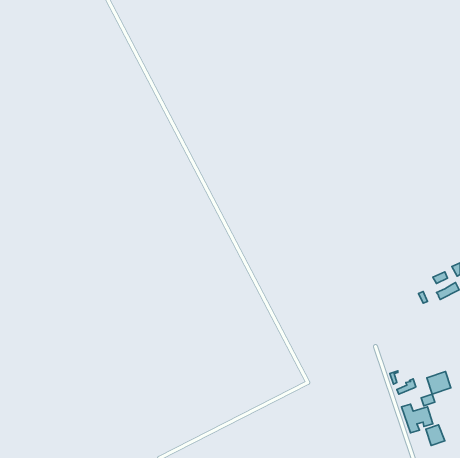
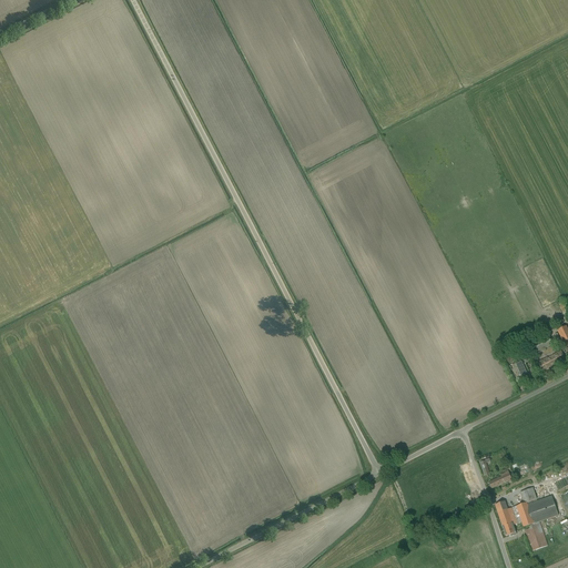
building: [427,372,451,394] -> [528,494,558,521]

